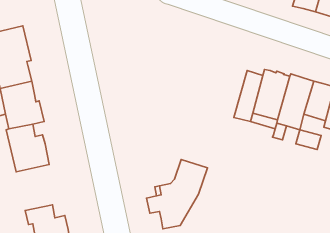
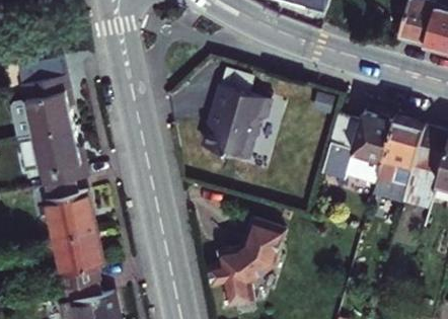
building: none -> [206,85,273,157]
building: none -> [54,226,103,283]

